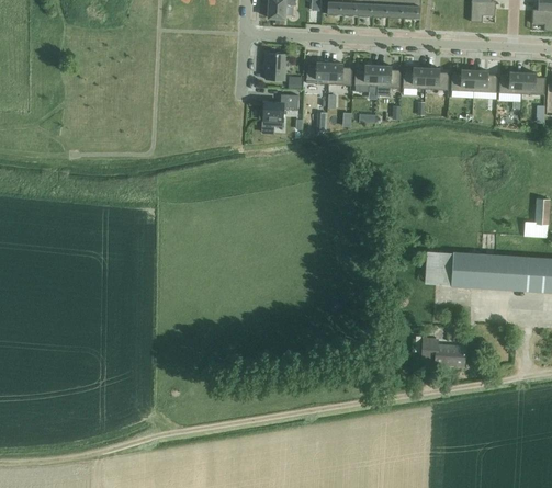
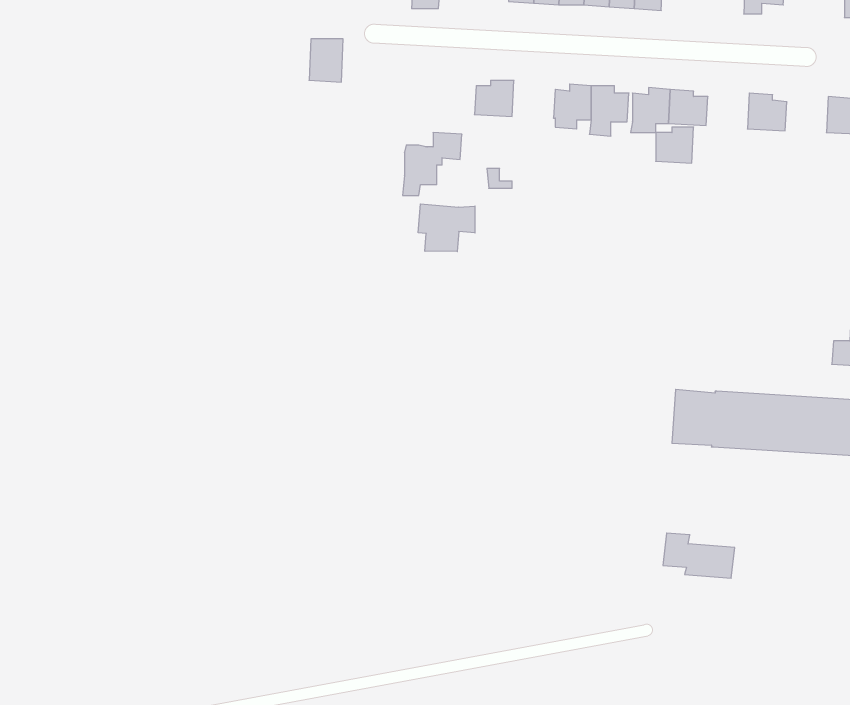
building: [266,54,286,80] -> [309,39,343,82]
building: [329,63,352,86] -> none
building: [451,70,474,92] -> [656,127,694,163]
building: [499,72,522,94] -> none
building: none -> [418,204,475,252]

